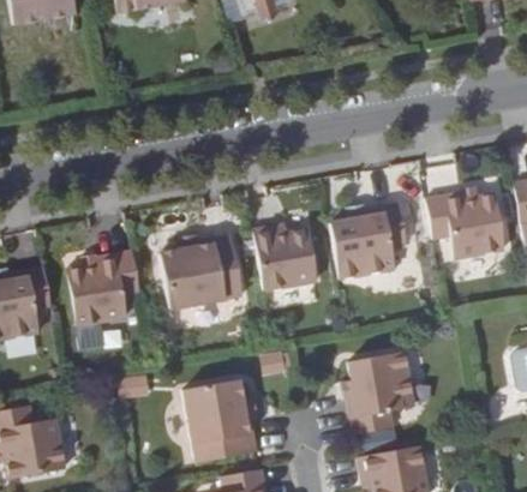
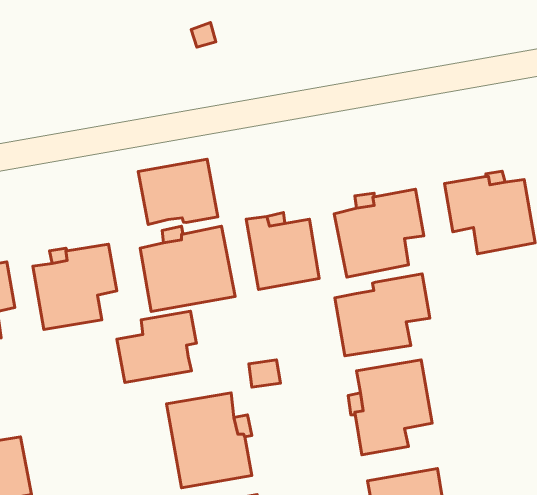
building: none -> [138,159,218,224]
building: none -> [335,274,430,356]
building: none -> [117,311,196,382]

